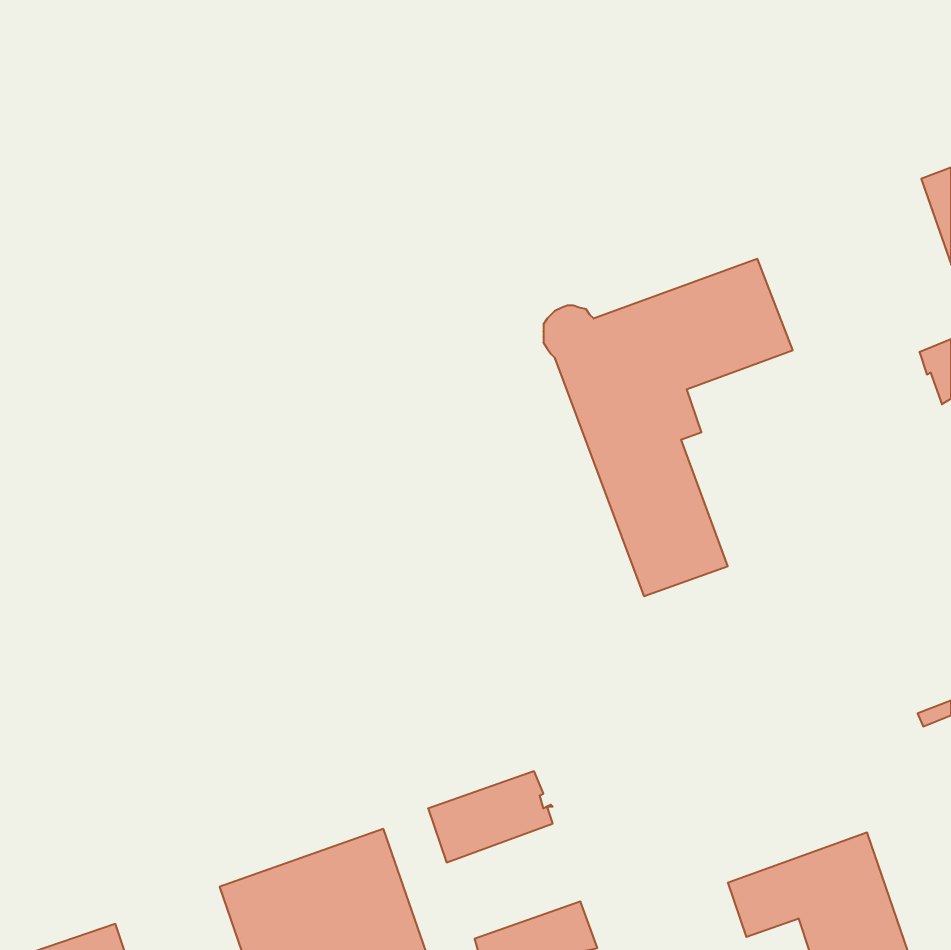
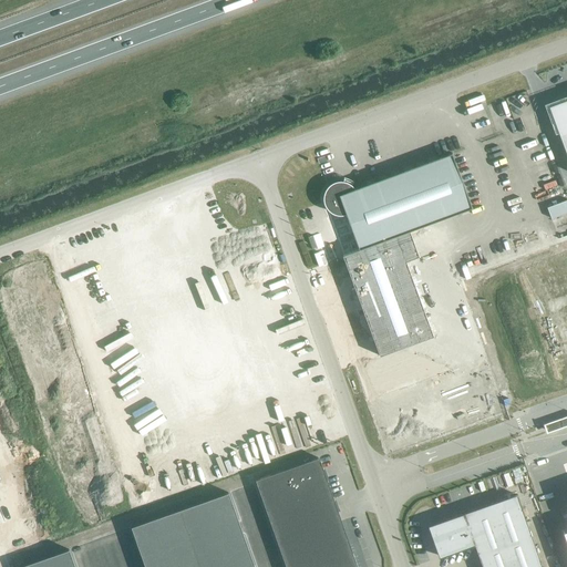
building: none -> [266,491,346,559]

